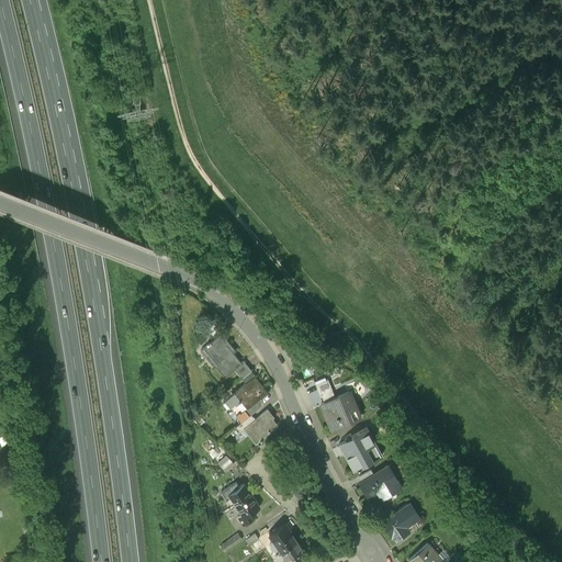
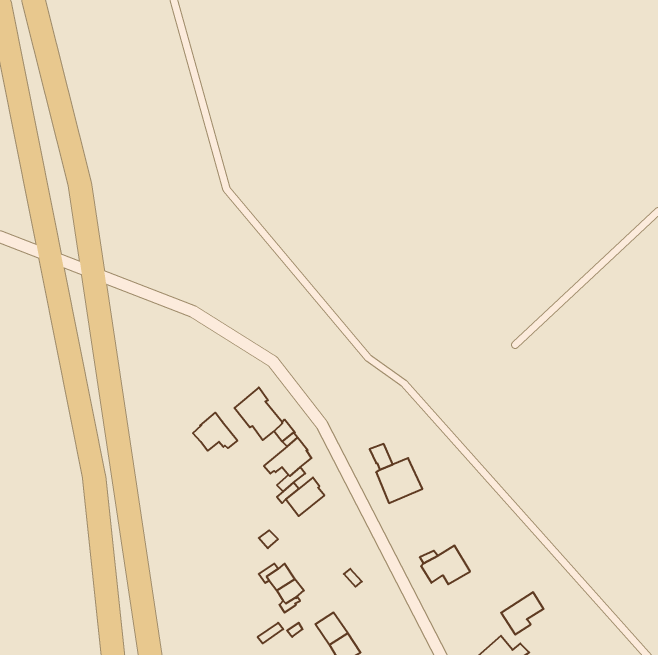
building: none -> [193,413,237,451]
building: [336,430,381,473] -> none
building: [382,506,418,542] -> [501,592,544,635]

